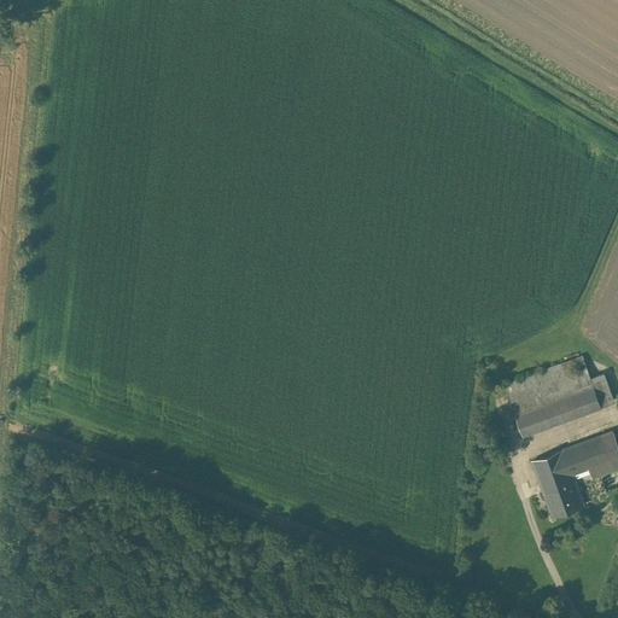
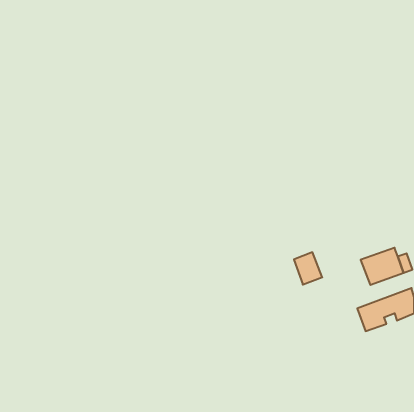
building: [509,390,552,438] -> [294,252,322,285]
building: [544,485,583,519] -> none

